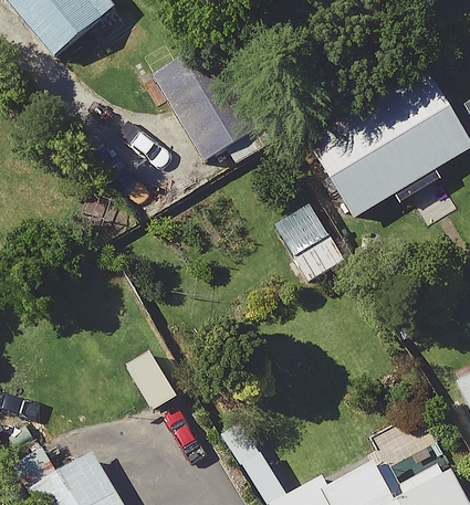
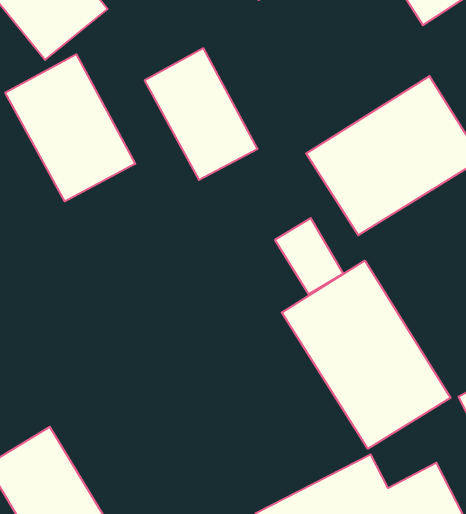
building: none -> [5,54,135,201]
building: none -> [282,261,450,449]

